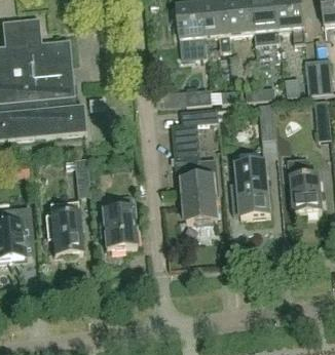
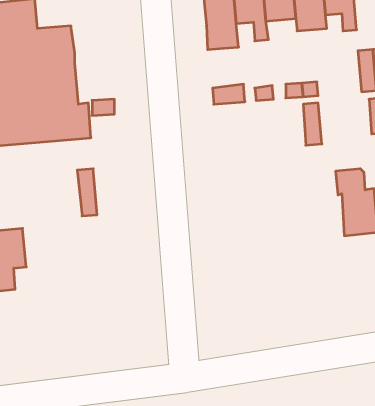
building: [172,108,221,222] -> none
building: [237,160,271,216] -> none
building: [103,195,137,249] -> none
building: [45,199,82,253] -> none

